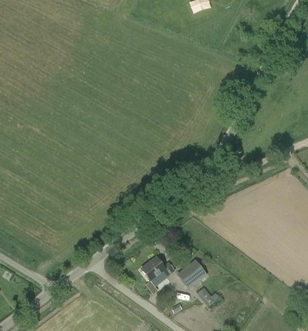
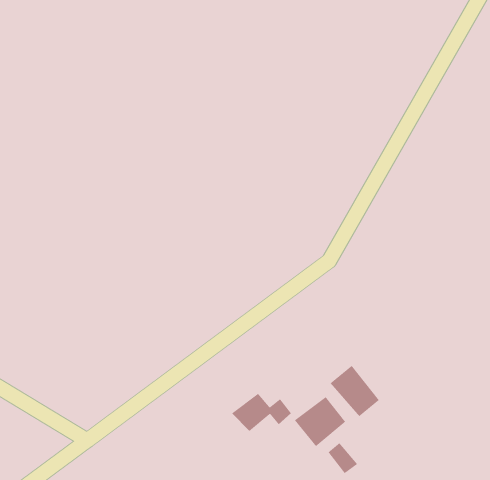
building: none -> [330,365,380,417]

